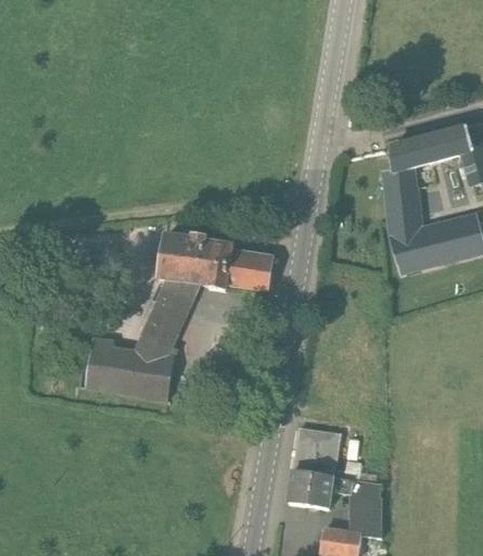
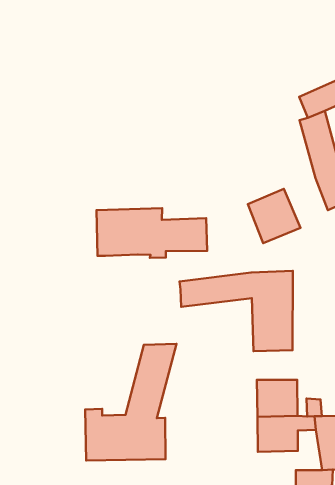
building: none -> [248,189,301,243]
building: [86,279,198,400] -> [85,344,177,460]
building: none -> [179,271,293,351]

